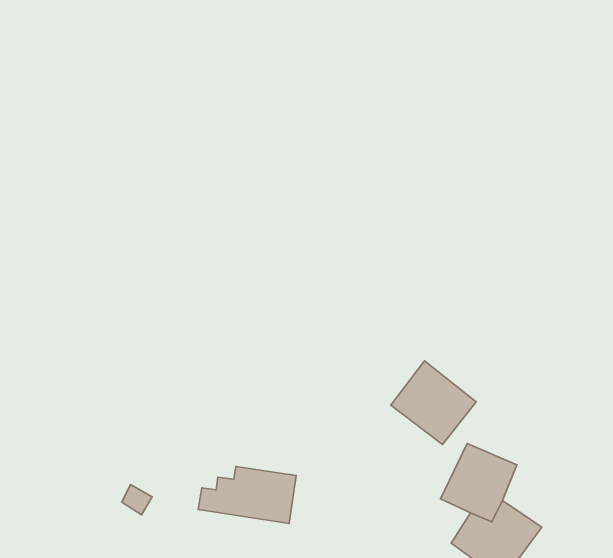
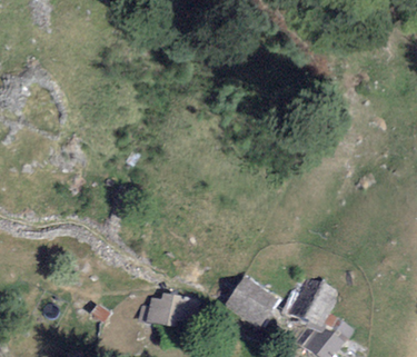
building: [391,361,476,444] -> [222,275,276,327]

